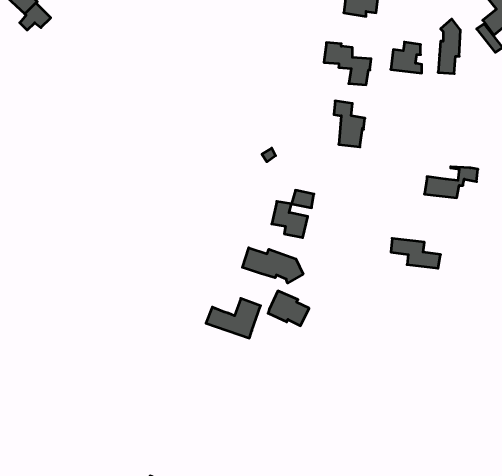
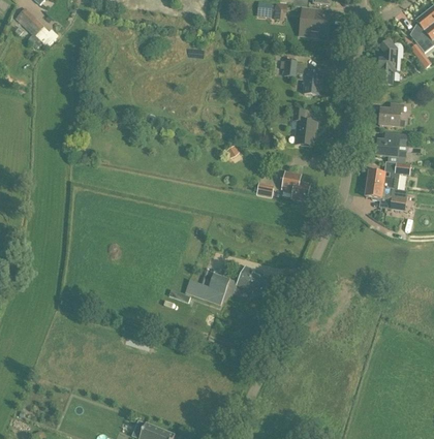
building: [391,42,422,73] -> [378,100,404,126]
building: none -> [376,131,407,162]
building: [272,201,308,238] -> [280,169,310,199]
building: [391,238,441,268] -> [365,184,406,209]
building: [242,248,303,283] -> none

